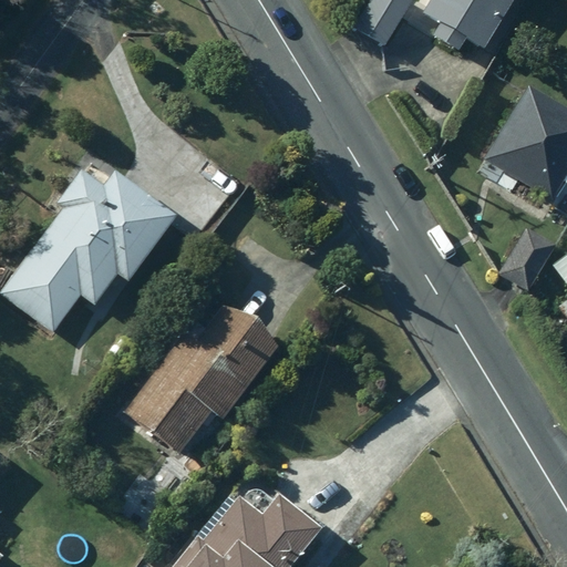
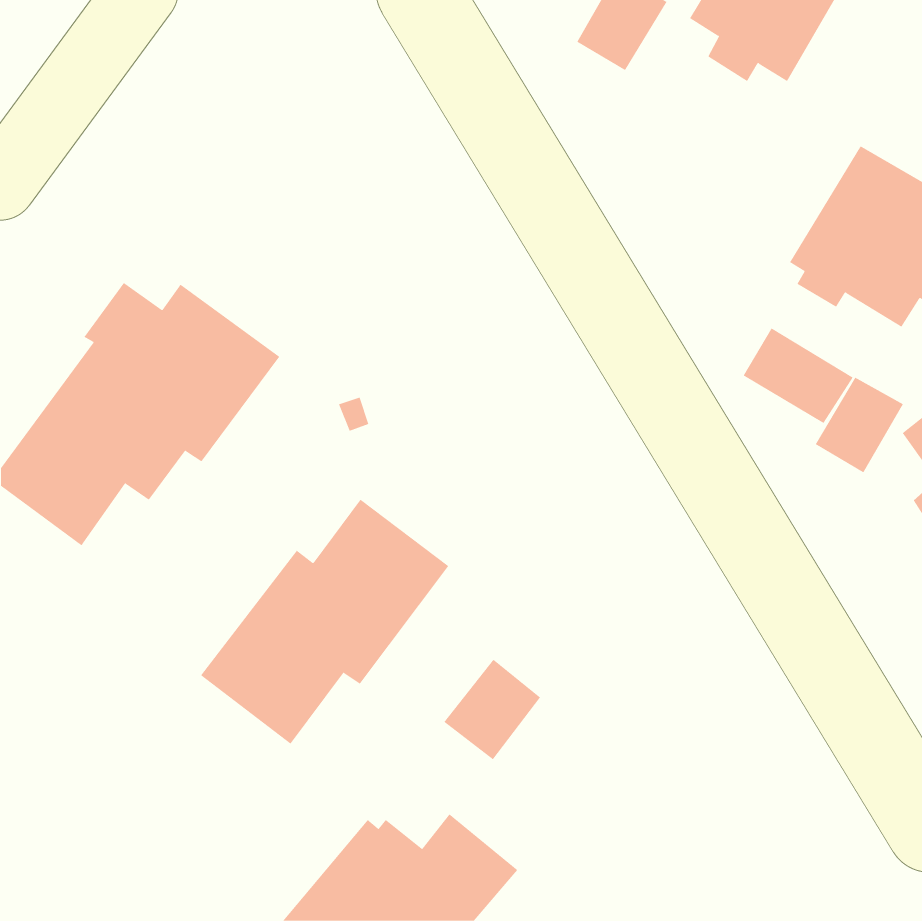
building: none -> [743,328,853,424]
building: none -> [444,659,541,760]

